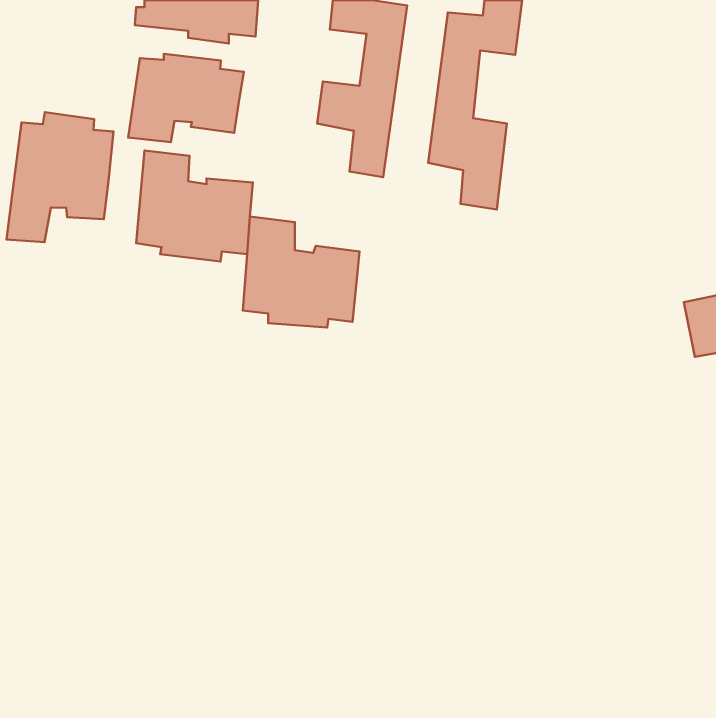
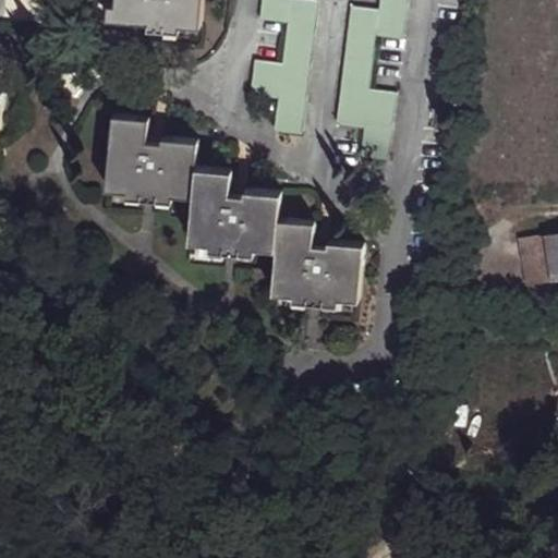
building: [128,54,244,142] -> none
building: [7,112,114,242] -> none
building: none -> [271,219,364,306]

